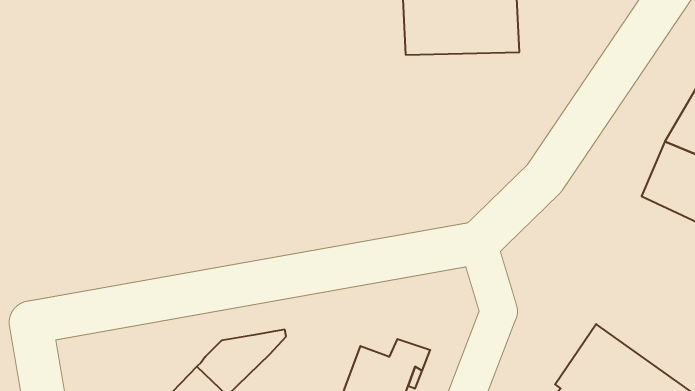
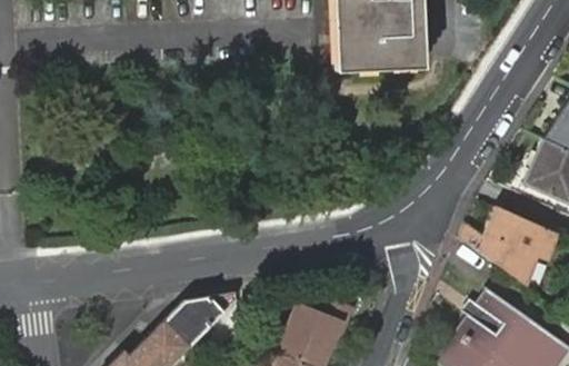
building: none -> [459,205,560,285]

